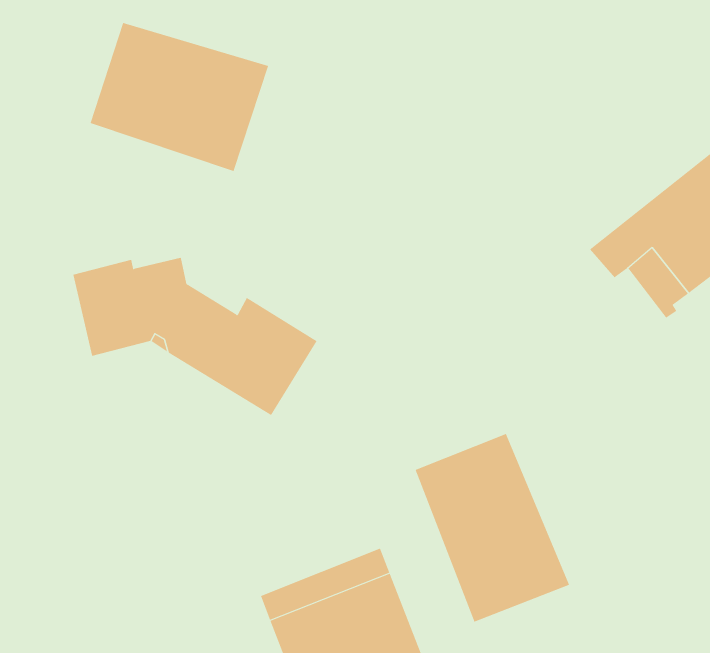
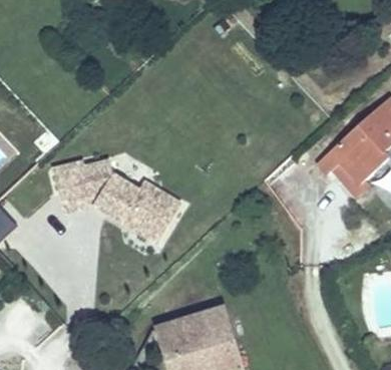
building: [90,22,269,172] -> none
building: [415,433,570,622] -> none

